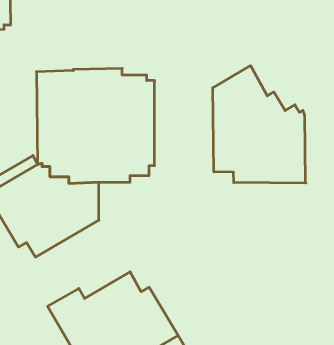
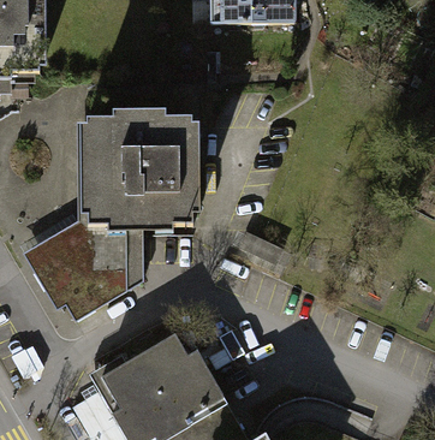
building: [213,66,306,183] -> none

